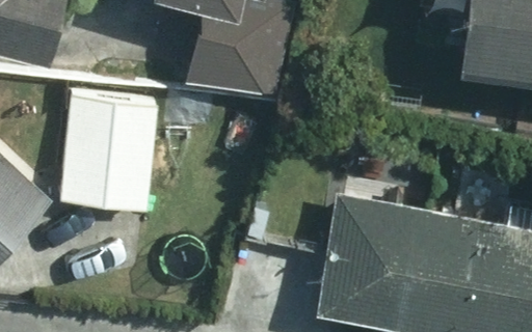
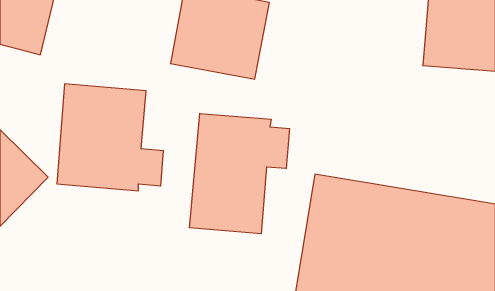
building: none -> [190,113,290,234]

